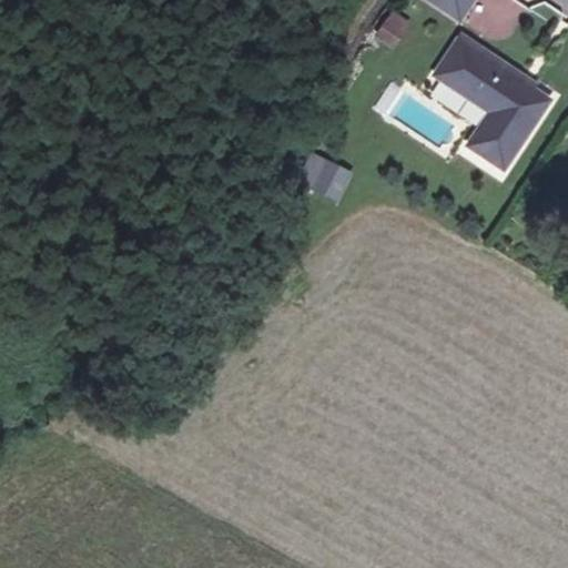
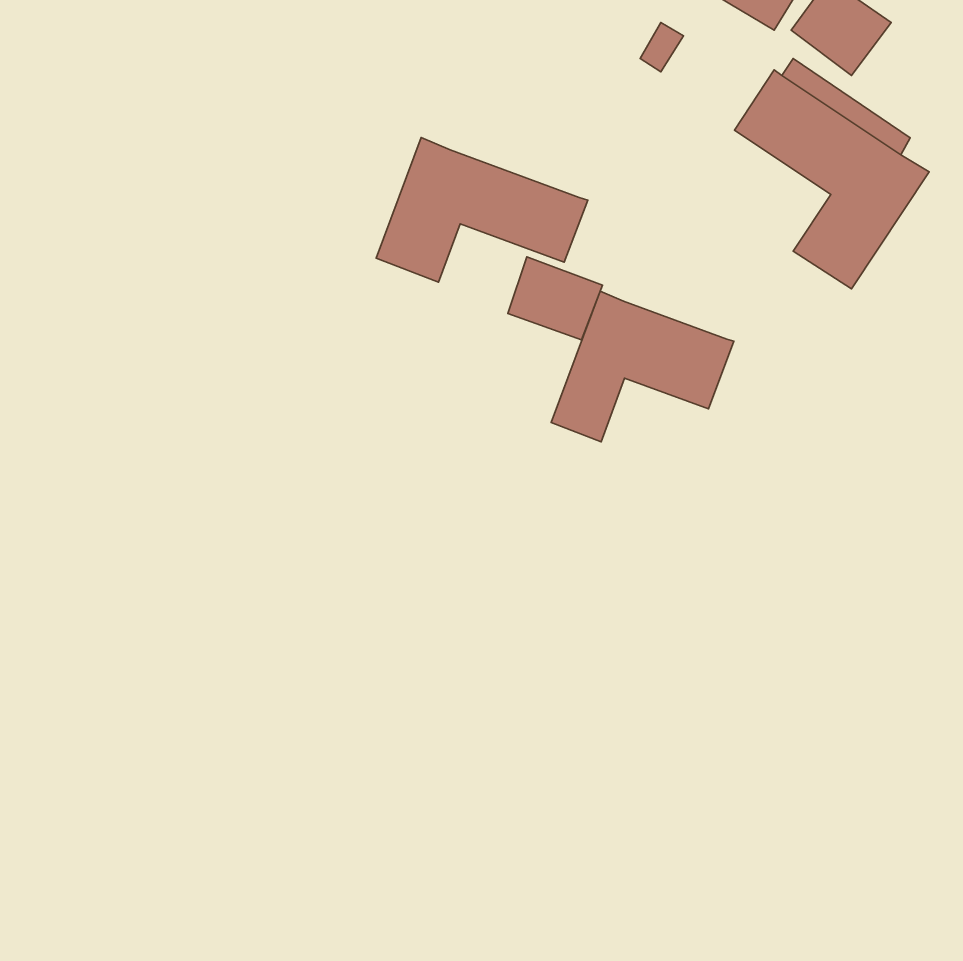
building: none -> [376,138,588,282]
building: none -> [551,291,734,442]

